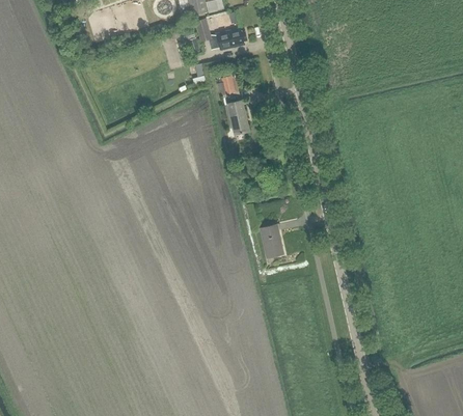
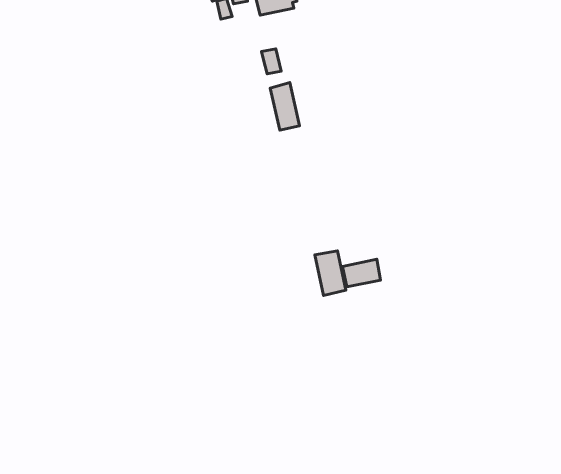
building: none -> [342,259,380,287]

